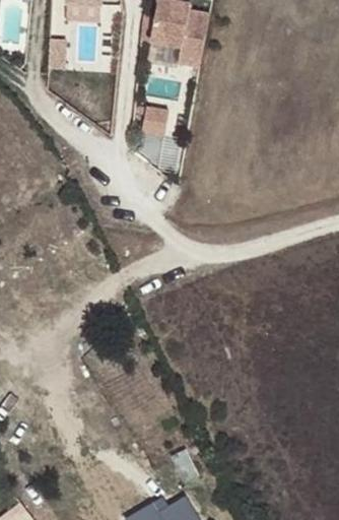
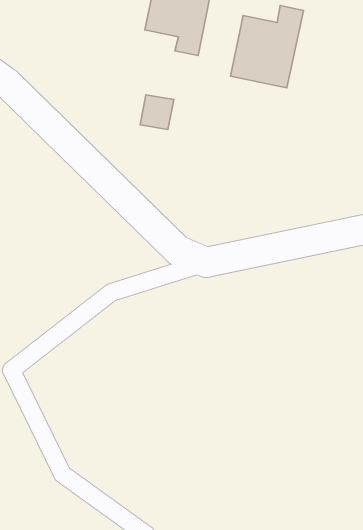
building: none -> [231,5,304,88]

